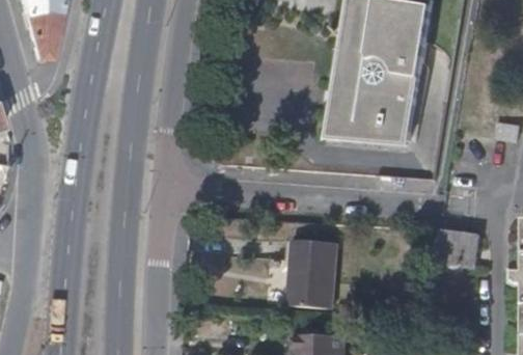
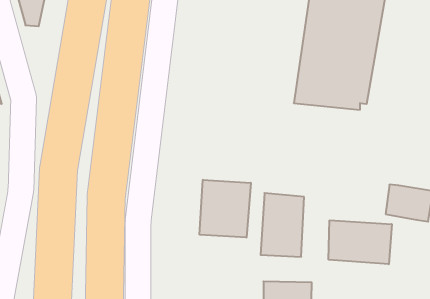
building: none -> [200,180,251,238]
building: none -> [329,220,392,264]

